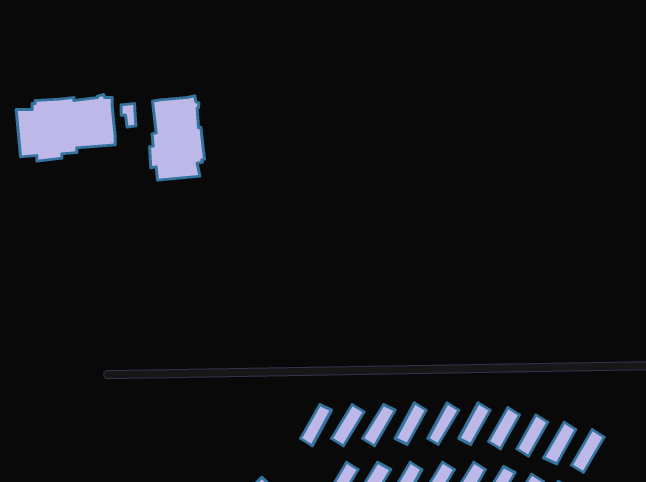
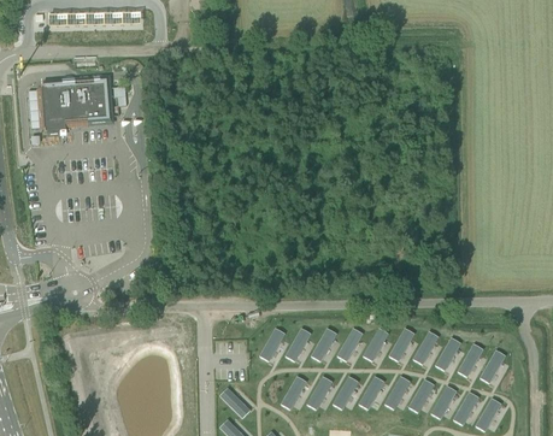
building: [149,96,205,180] -> none

